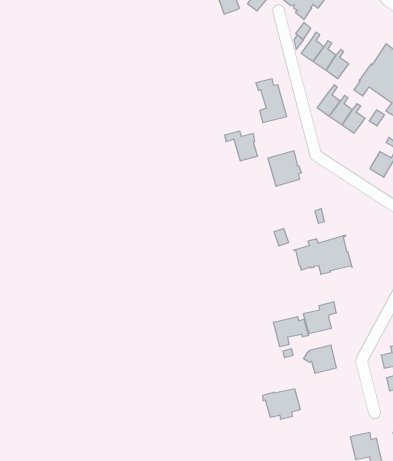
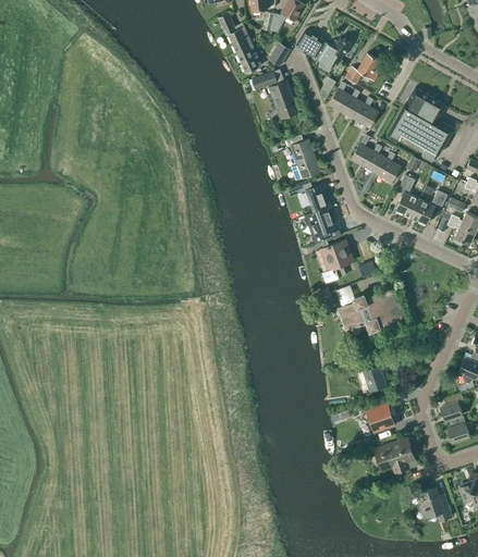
building: none -> [346,53,380,84]
building: none -> [252,71,296,119]
building: none -> [395,175,419,216]
building: [225,131,258,161] -> [295,182,331,212]
building: none -> [321,239,353,282]
building: [273,316,308,347] -> none
building: [263,389,300,419] -> [373,438,414,471]

